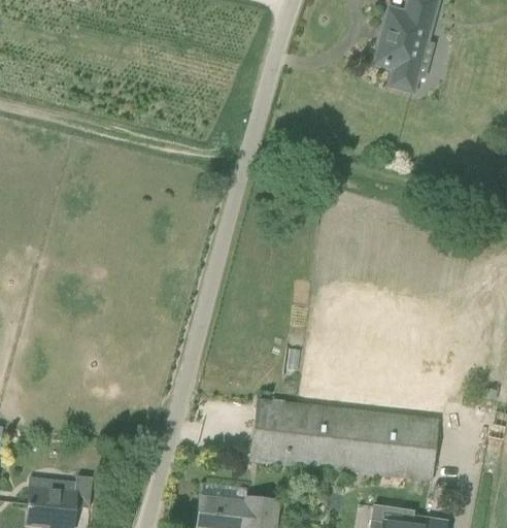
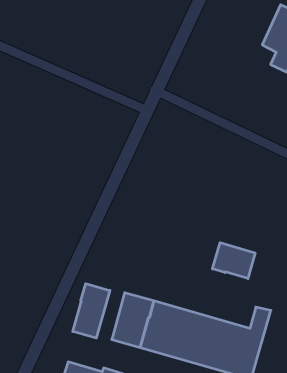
building: none -> [212,243,255,279]
building: none -> [73,284,110,338]

